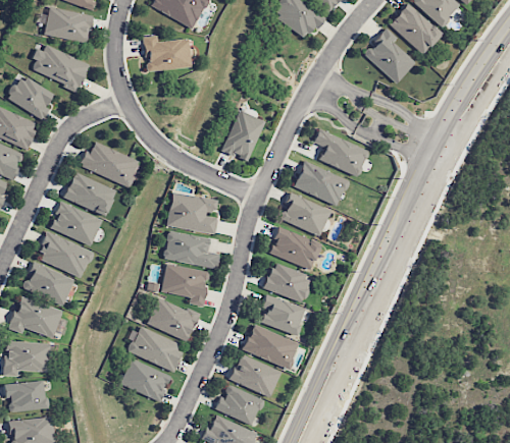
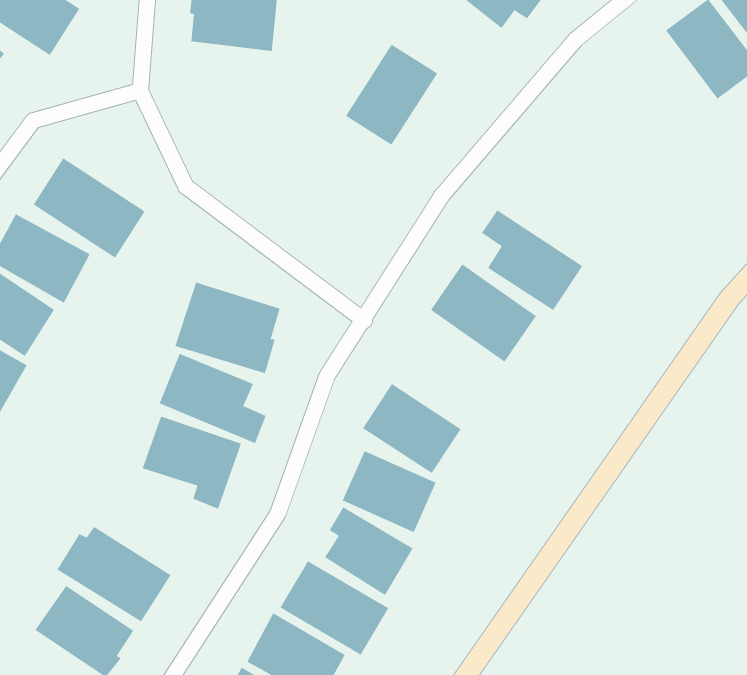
building: [363,29,415,84] -> none
building: [221,110,265,162] -> [345,44,438,146]
building: [280,192,330,236] -> none
building: [148,297,199,340] -> none

